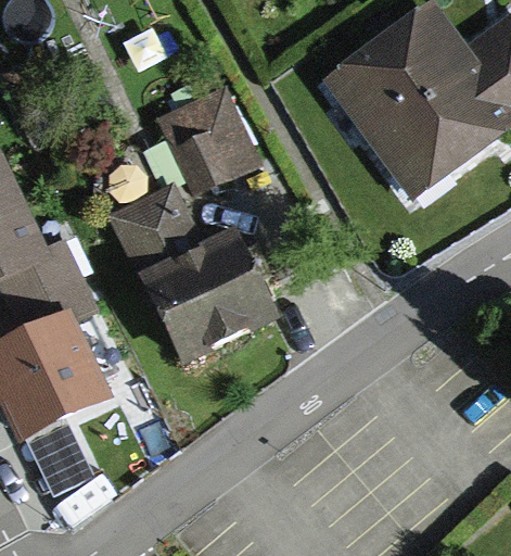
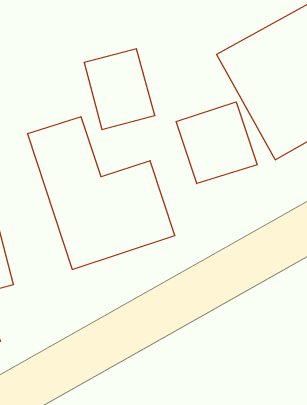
building: none -> [176,102,257,184]

